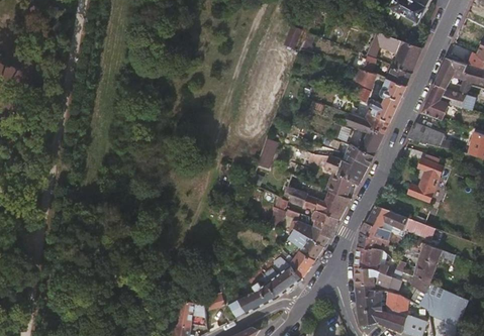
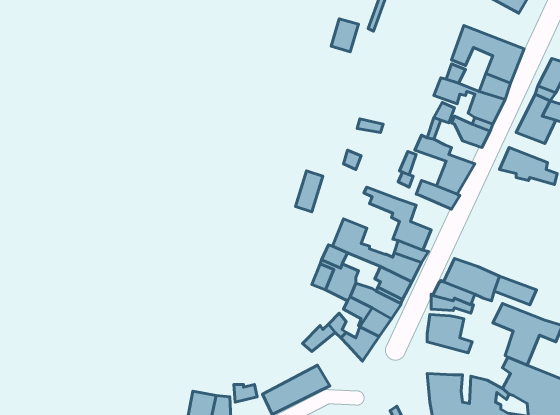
building: [366,103,393,133] -> none
building: [406,151,442,200] -> none
building: [341,156,371,185] -> none
building: [353,264,398,289] -> none
building: [264,266,305,297] -> none

